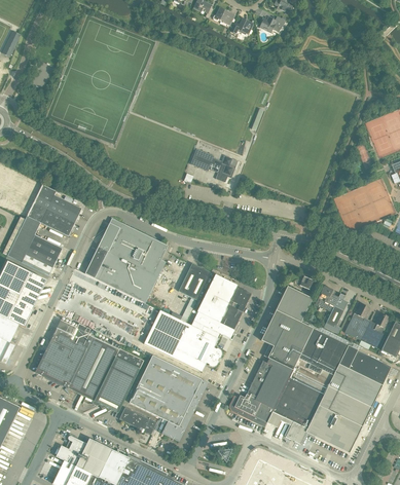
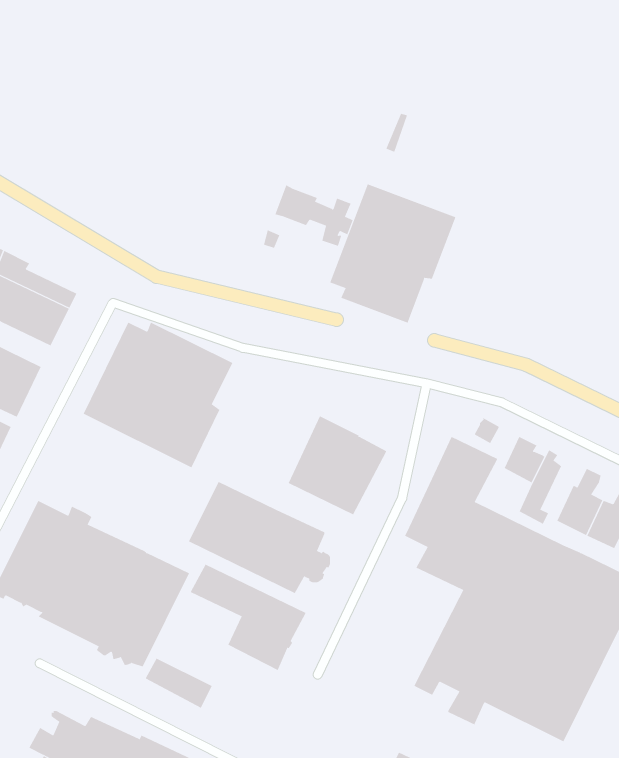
building: none -> [330,183,456,323]
building: [177,263,210,300] -> none
building: [190,311,232,338] -> none
building: [228,359,292,427] -> none
building: [129,371,191,440] -> none

